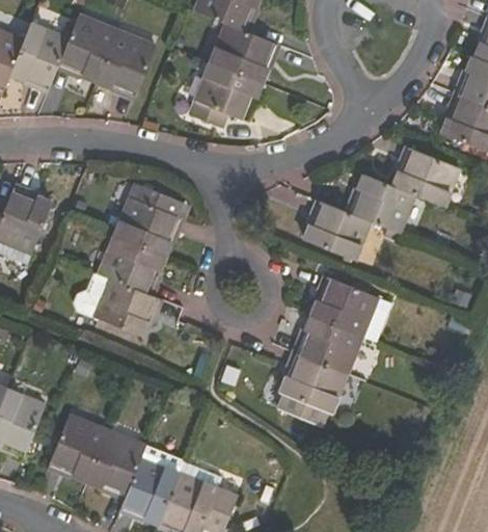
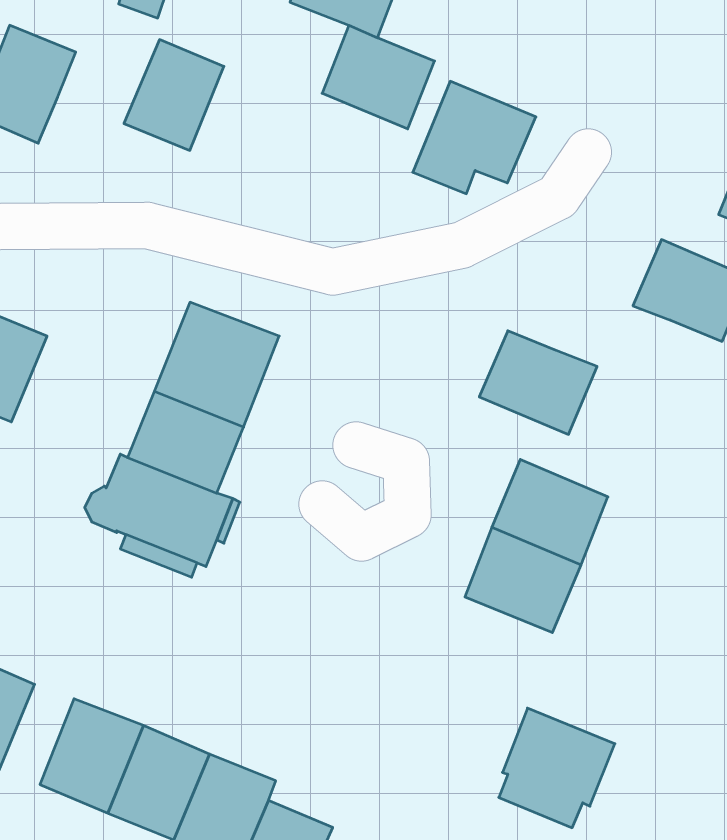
building: [58,14,117,79] -> none
building: [190,61,262,127] -> [413,81,536,194]
building: [348,172,414,232] -> none
building: [278,354,346,424] -> [499,708,615,828]

